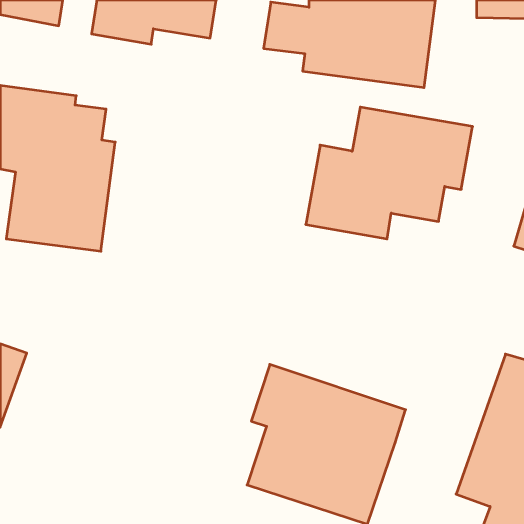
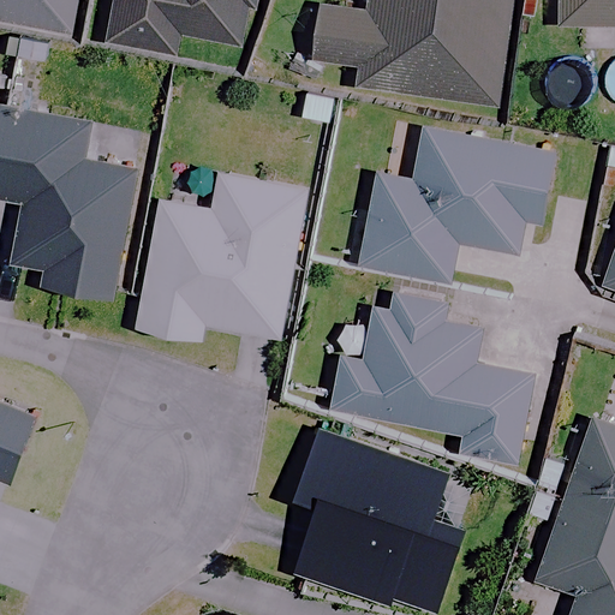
building: none -> [137,166,304,339]
building: none -> [332,291,533,464]

